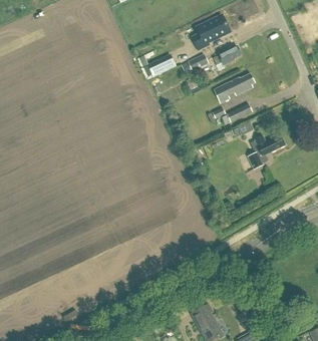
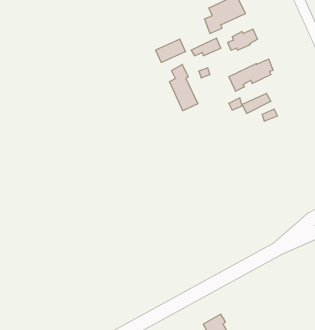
building: none -> [170,64,198,111]
building: [249,135,285,167] -> none

